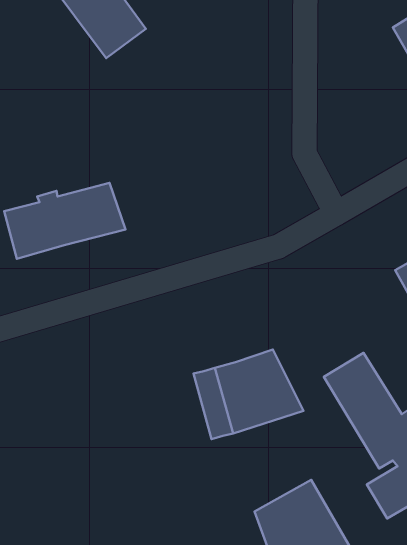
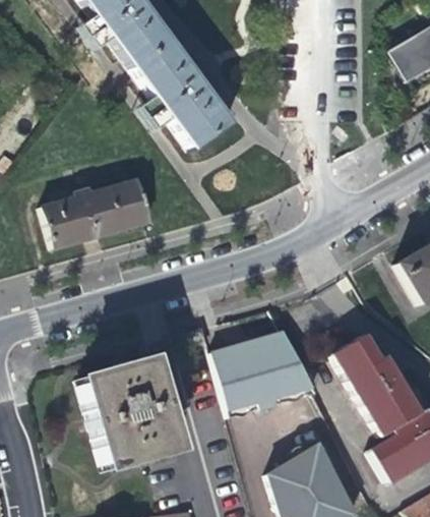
building: none -> [137,43,231,148]
building: none -> [85,362,181,472]

